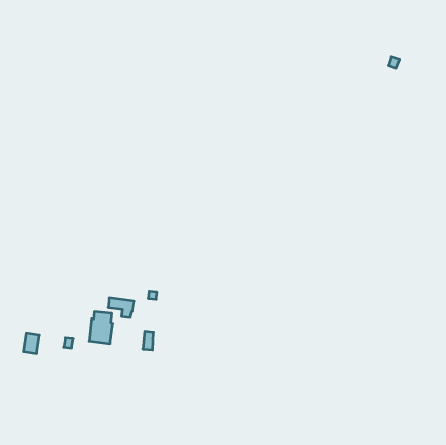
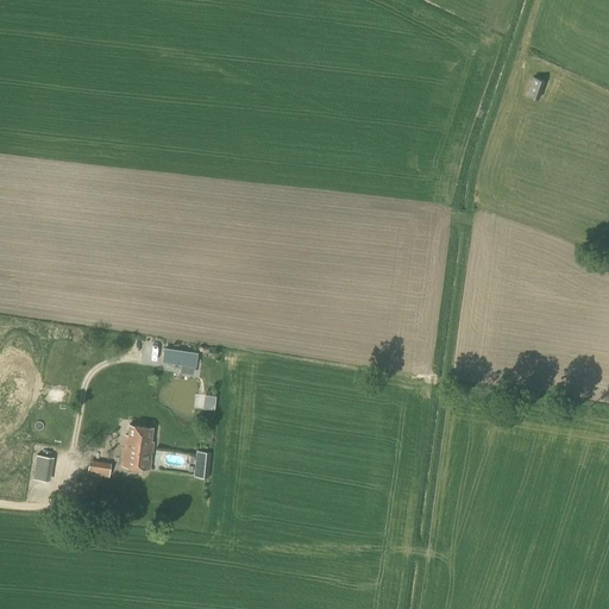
building: [108,298,134,317] -> [162,349,197,375]

